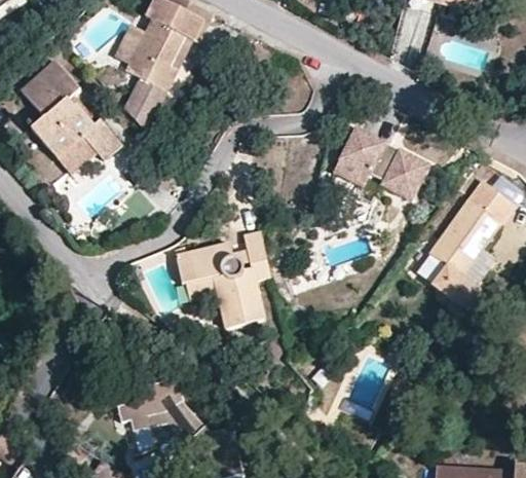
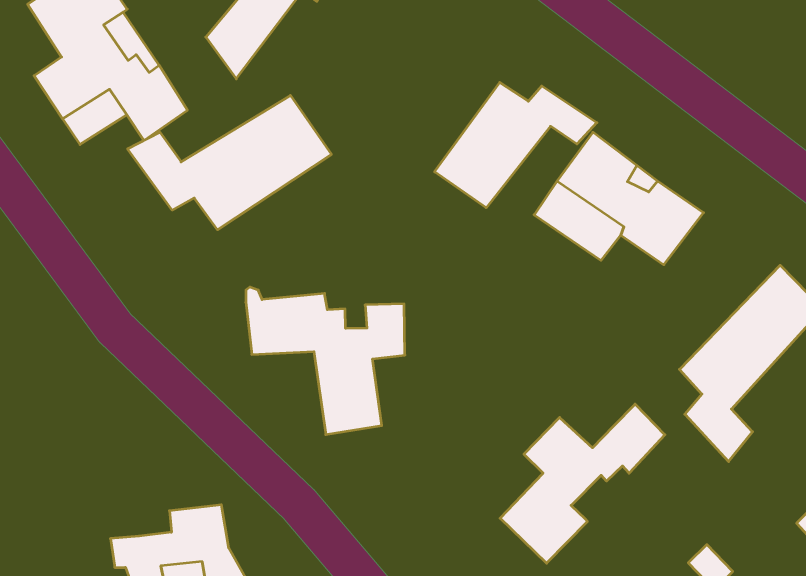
building: none -> [435,82,597,208]
building: none -> [128,95,331,230]
building: none -> [500,404,665,563]

